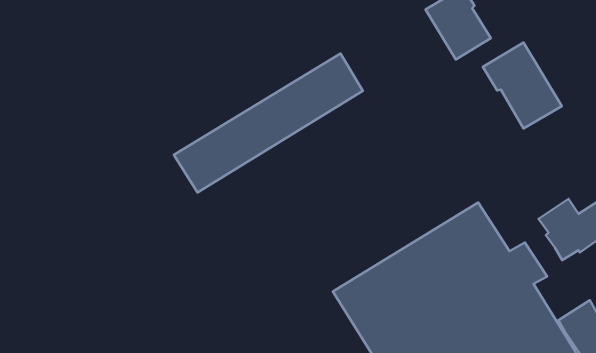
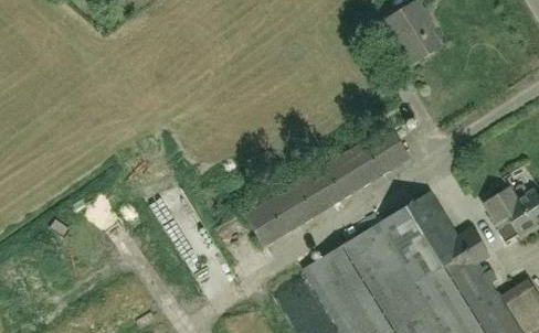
building: [483,42,562,129] -> none
building: [174,53,363,192] -> [243,125,410,247]

